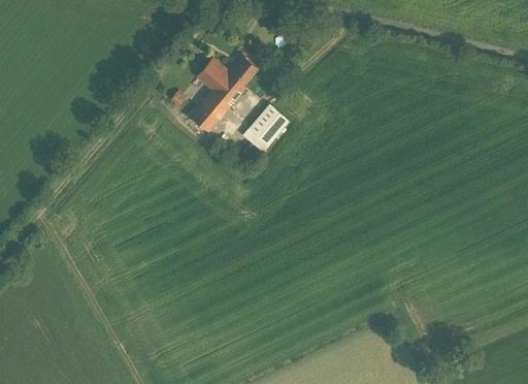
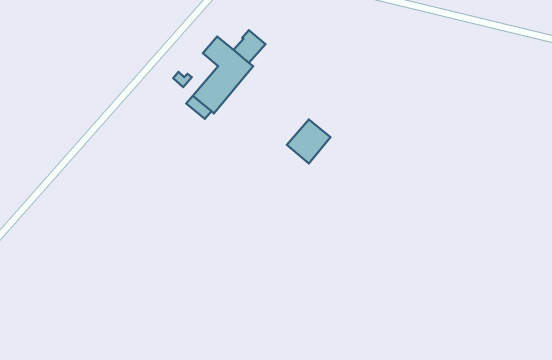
building: [248,105,289,147] -> [287,120,331,163]

